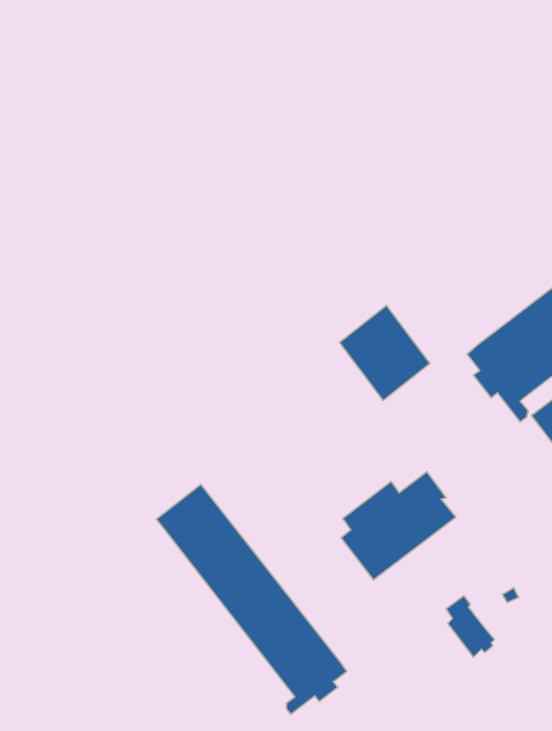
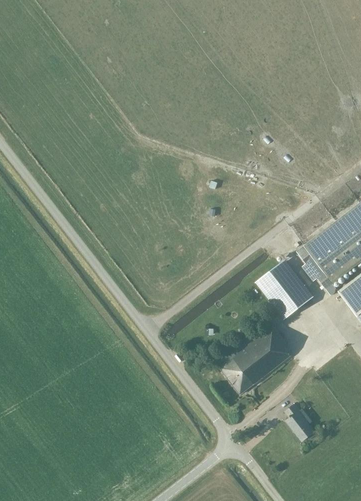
building: [340,306,430,401] -> [258,257,314,316]
building: [157,484,347,714] -> none

